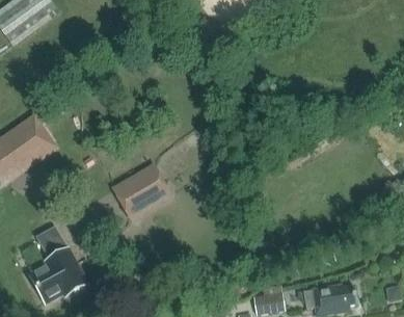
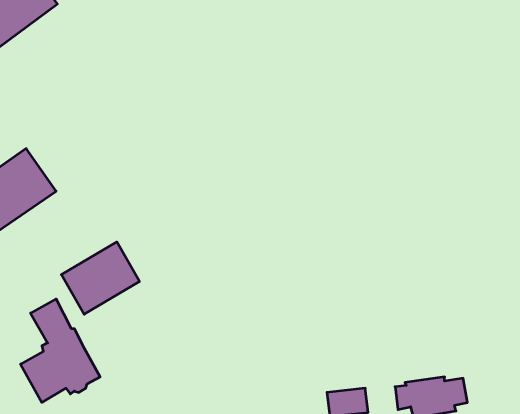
building: [113,165,170,218] -> [61,242,139,314]

